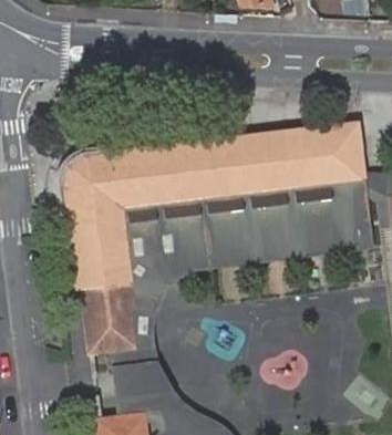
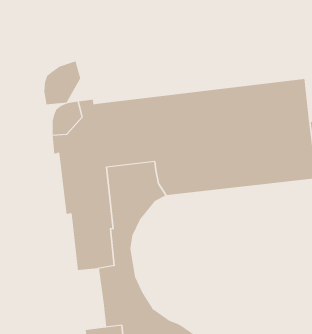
building: none -> [44,60,81,105]

